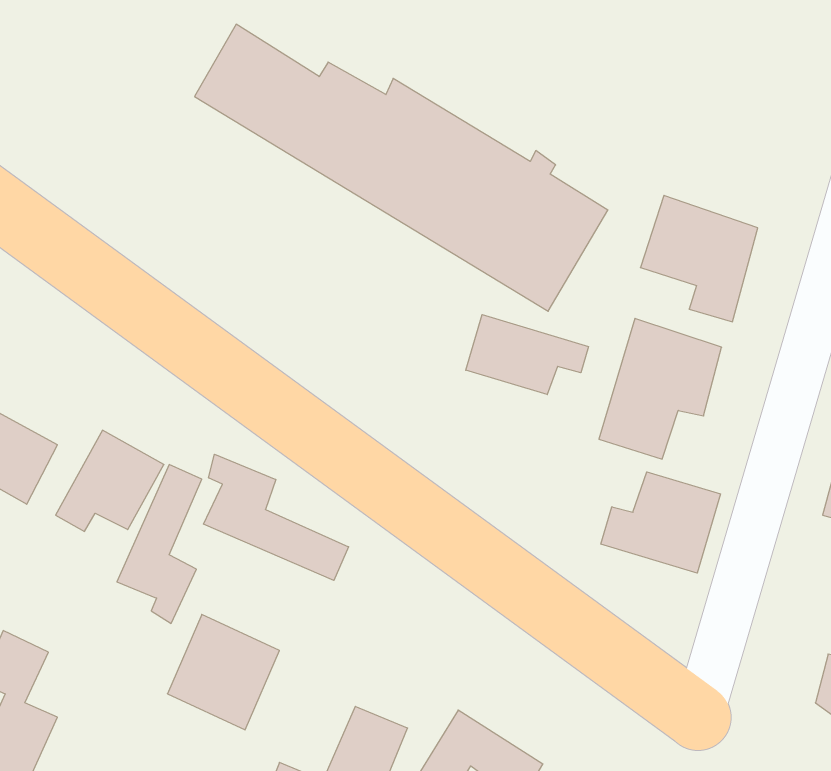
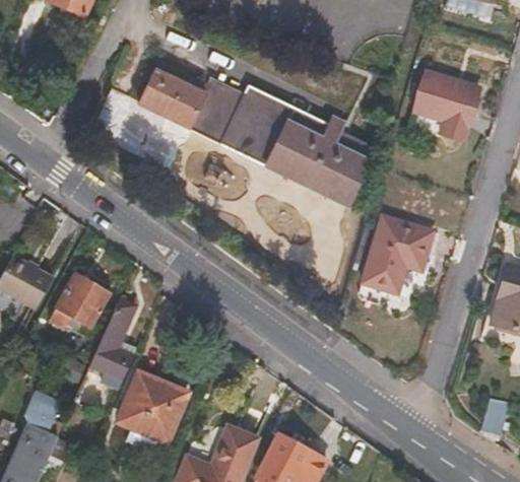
building: [640,195,758,322] -> [414,68,480,139]
building: [466,315,588,395] -> none
building: [204,454,349,580] -> none
building: [601,472,721,573] -> none

